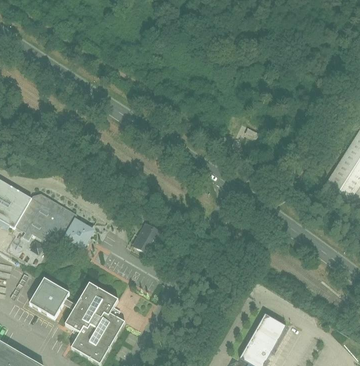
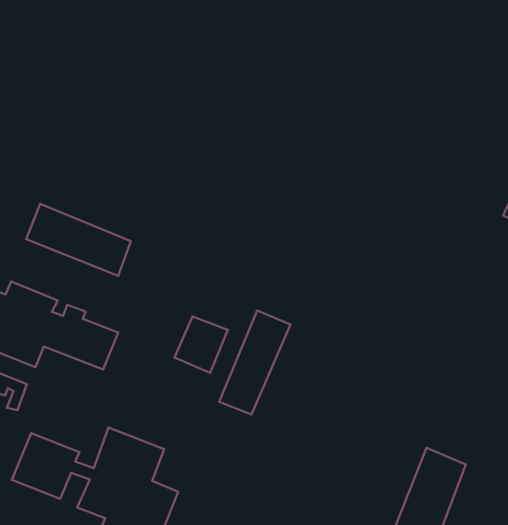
building: none -> [26,204,131,276]
building: none -> [219,311,291,414]

